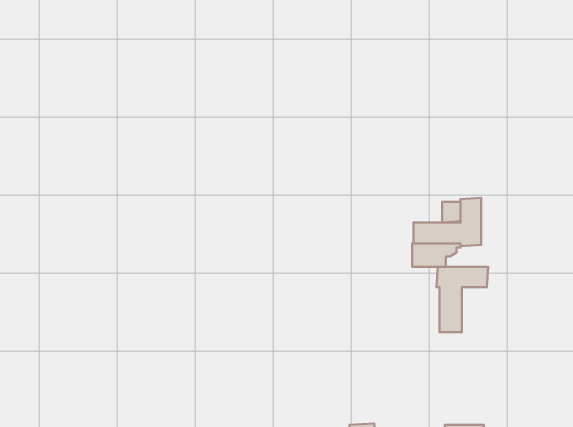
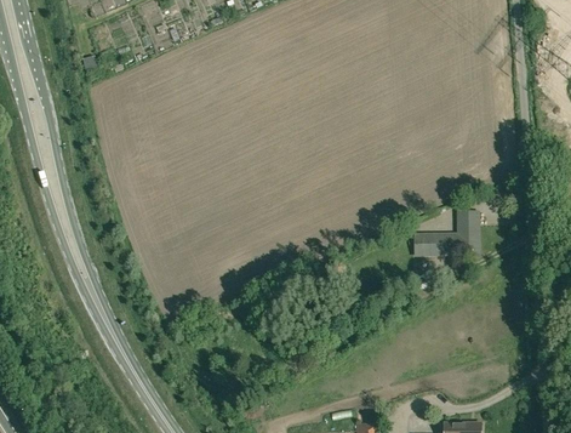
building: [437,267,488,332] -> none

